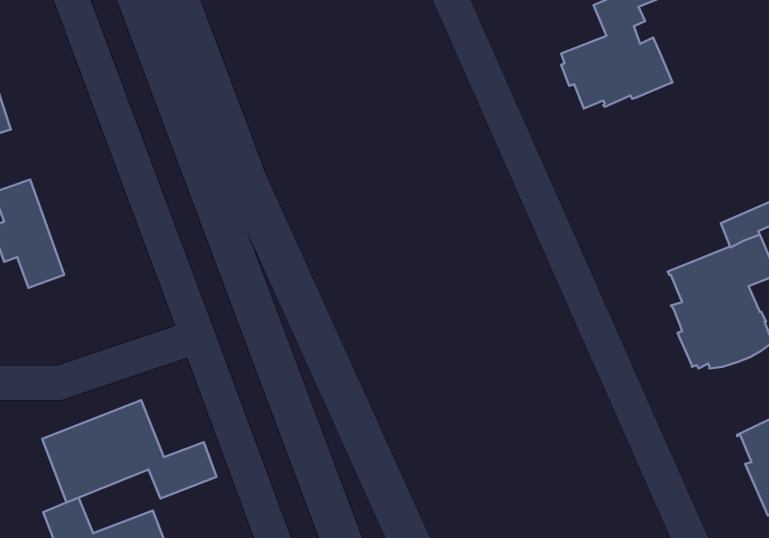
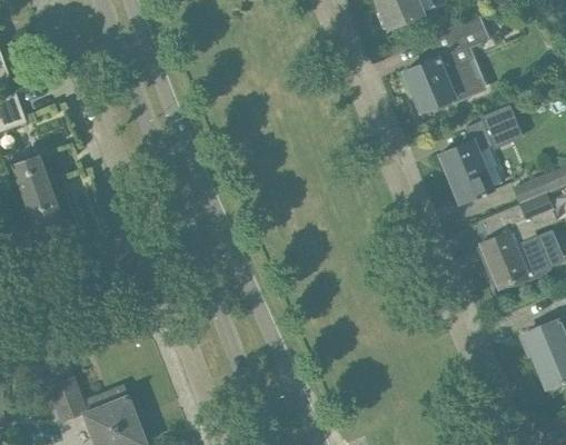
building: none -> [440,107,522,201]
building: [42,400,216,502] -> none

